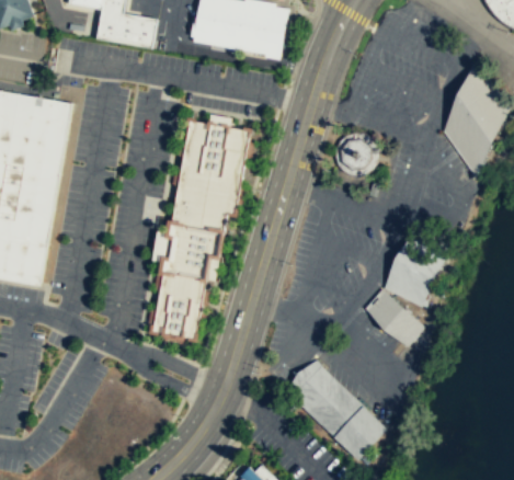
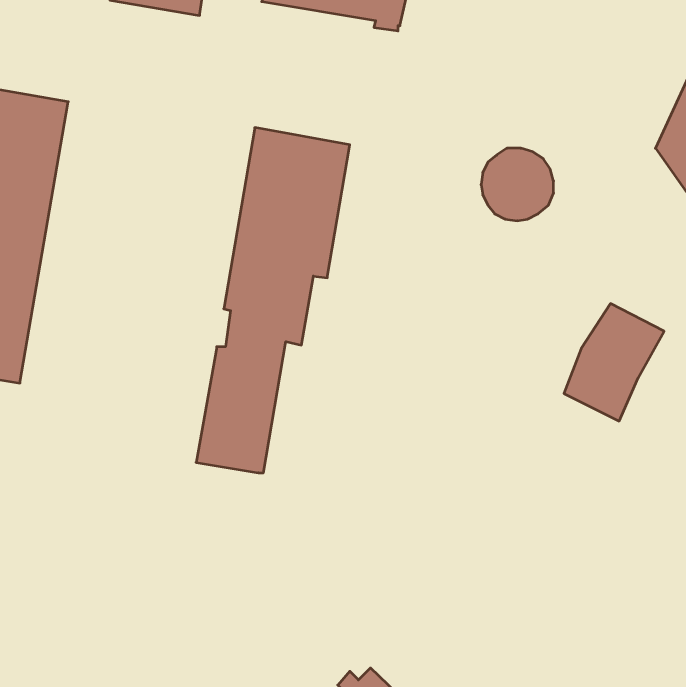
building: [366,290,423,347] -> none
building: [287,361,387,459] -> none

